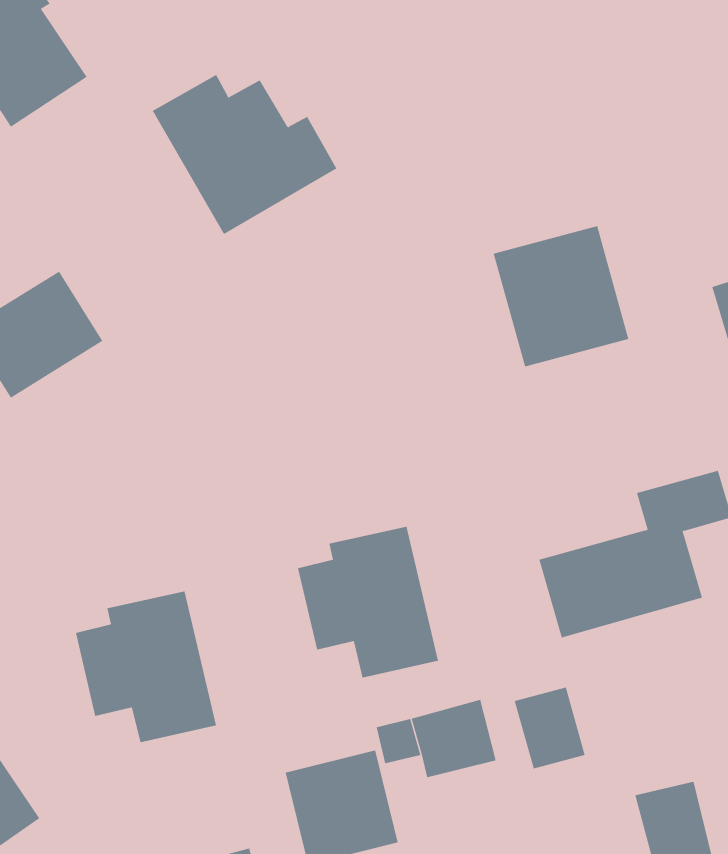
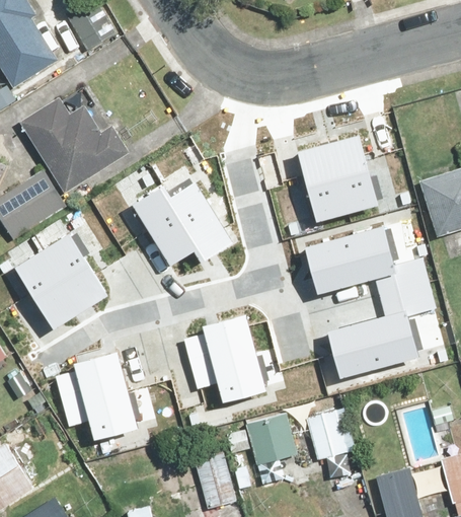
building: [152,74,337,235] -> [25,98,133,192]
building: none -> [127,179,227,264]
building: none -> [298,225,427,297]
building: none -> [16,234,105,325]

